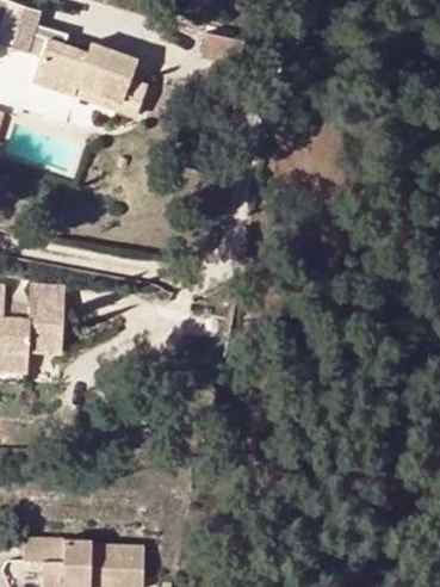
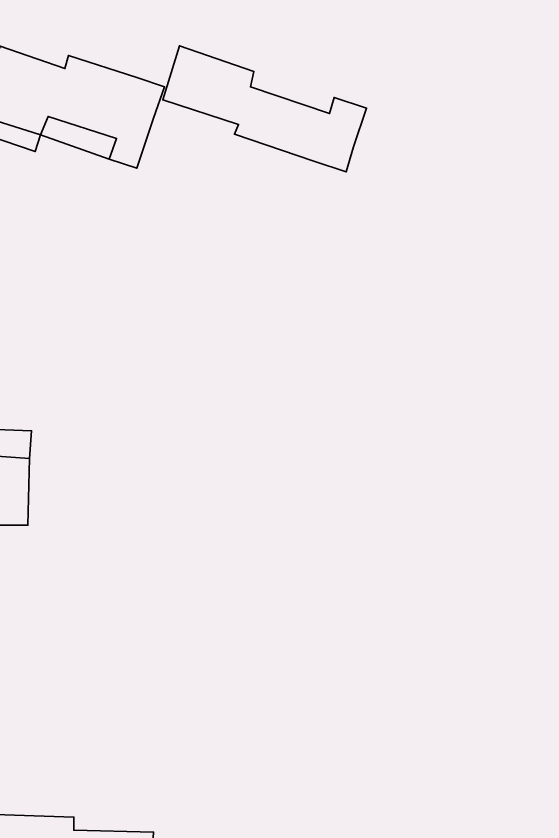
building: none -> [163,46,367,172]

